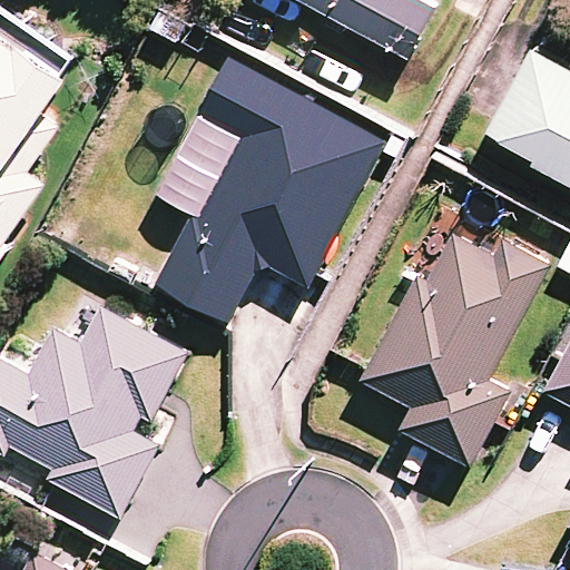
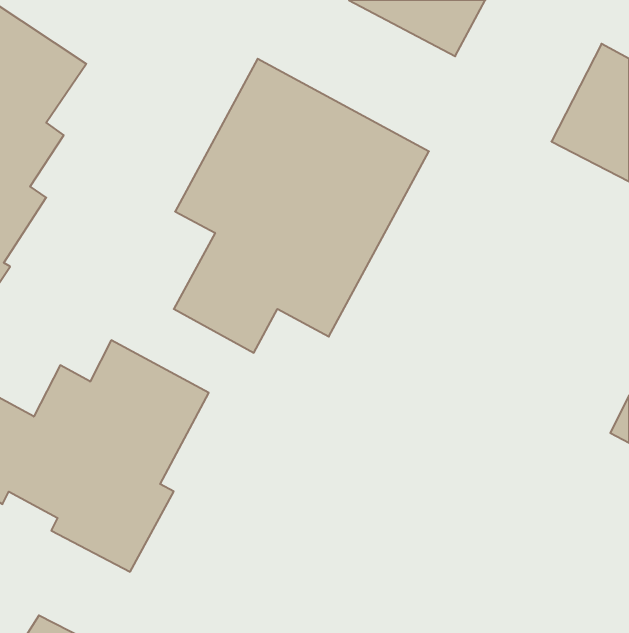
building: [360,229,550,465] -> none

